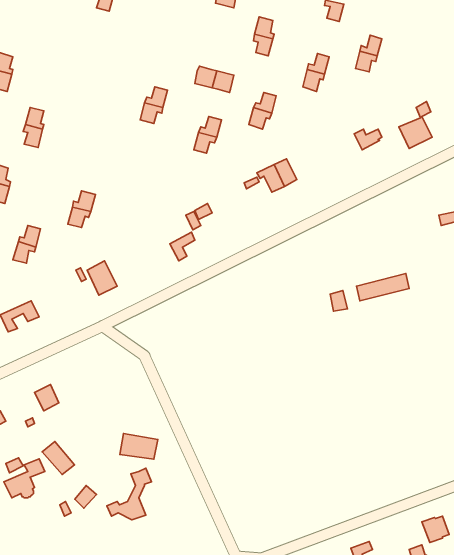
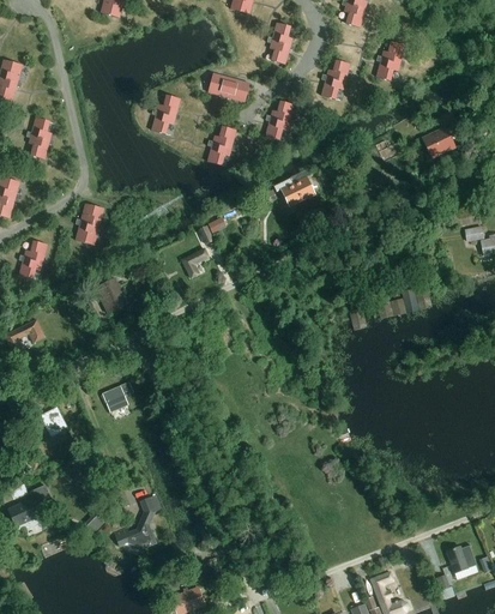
building: none -> [101,383,133,414]
building: [120,434,158,459] -> none
building: [42,441,74,474] -> none

